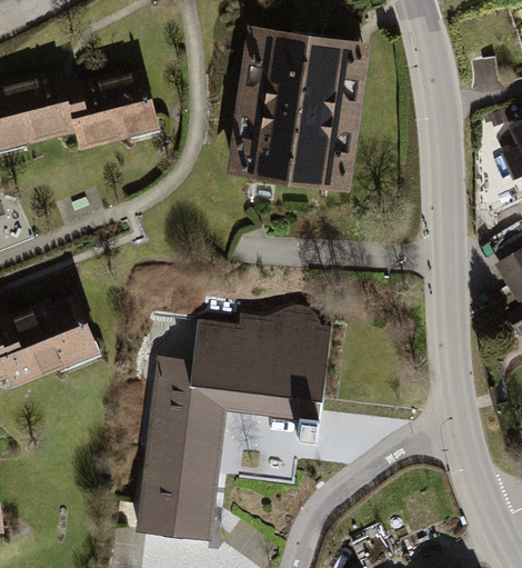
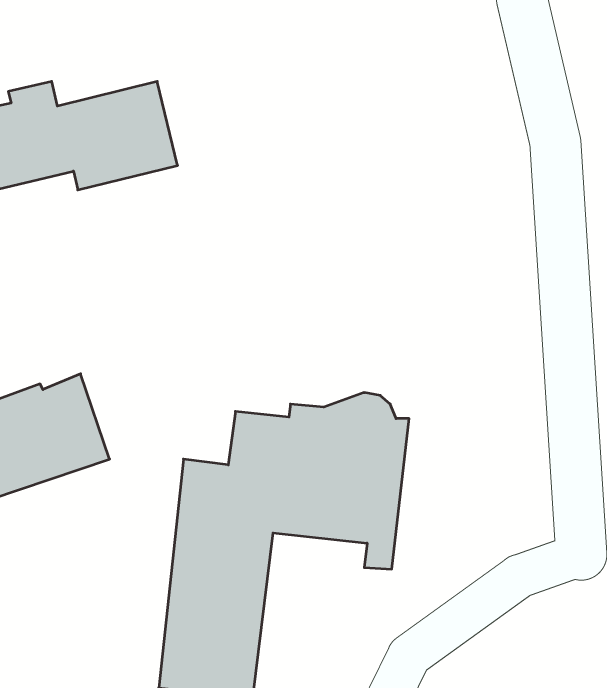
building: [227,27,370,190] -> none

